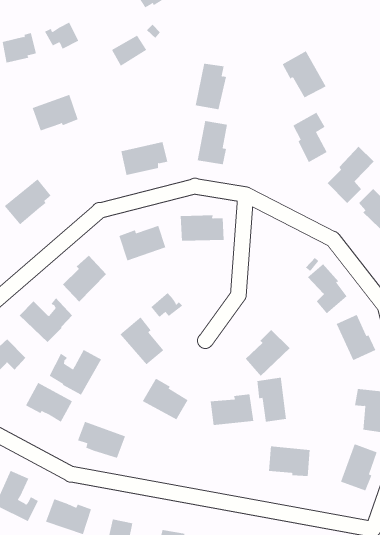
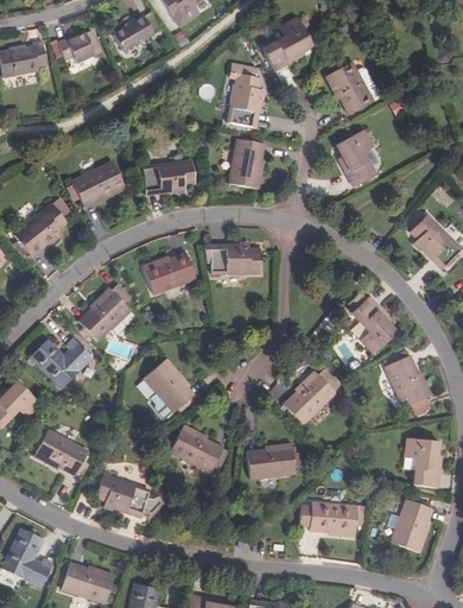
building: none -> [262,15,311,69]
building: [111,35,147,67] -> [114,11,154,46]
building: [32,94,78,131] -> [71,166,123,208]
building: [327,146,374,204] -> none
building: [150,292,183,318] -> none
building: [49,349,102,396] -> none
building: [257,377,287,423] -> none

